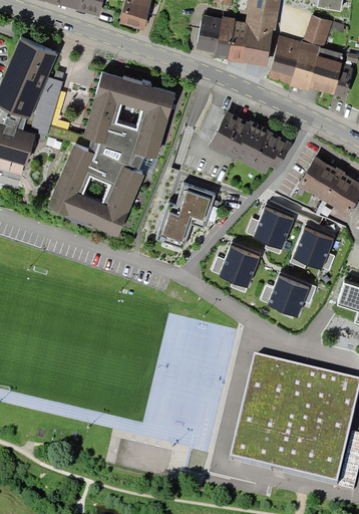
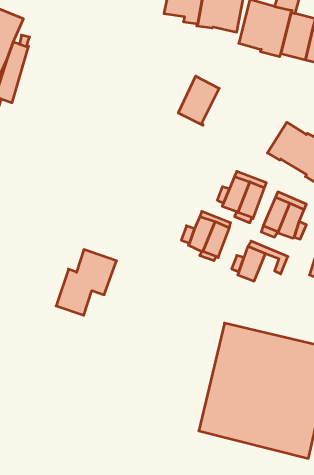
building: [48,71,175,236] -> none
building: [233,120,293,173] -> none
building: [156,184,216,248] -> [56,250,117,315]
building: [284,283,308,316] -> none

